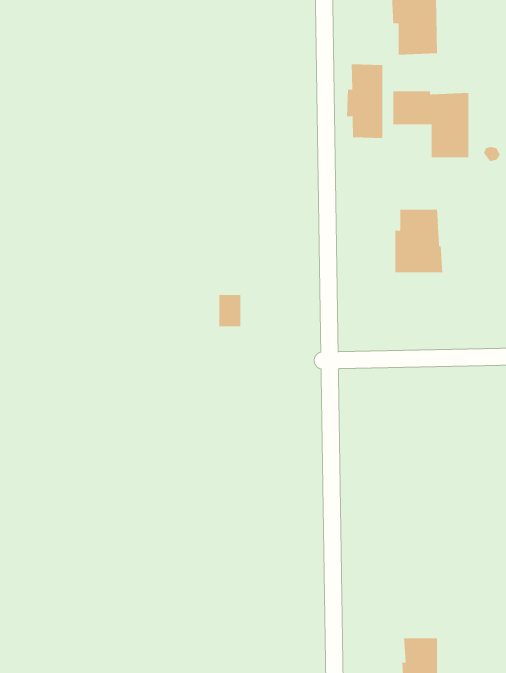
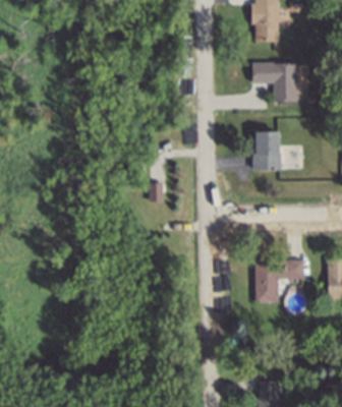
building: [346,64,383,139] -> none
building: none -> [254,259,302,301]

